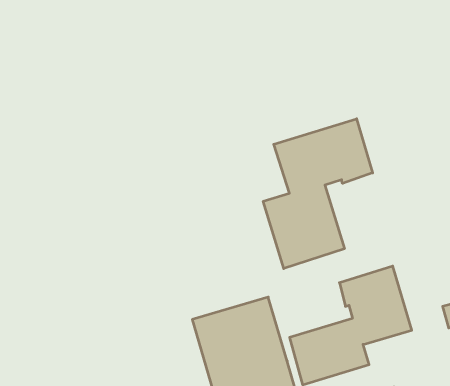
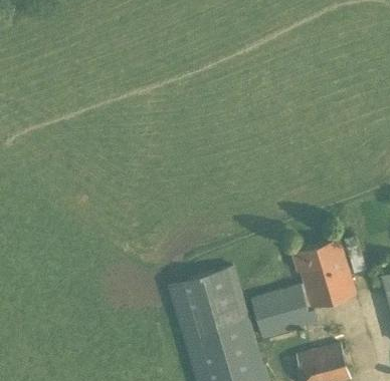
building: [263,119,373,269] -> none

